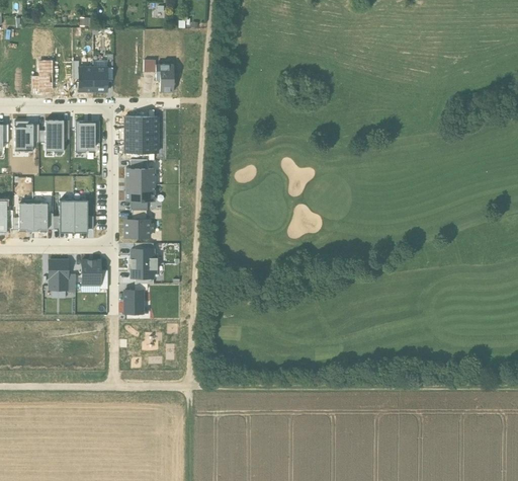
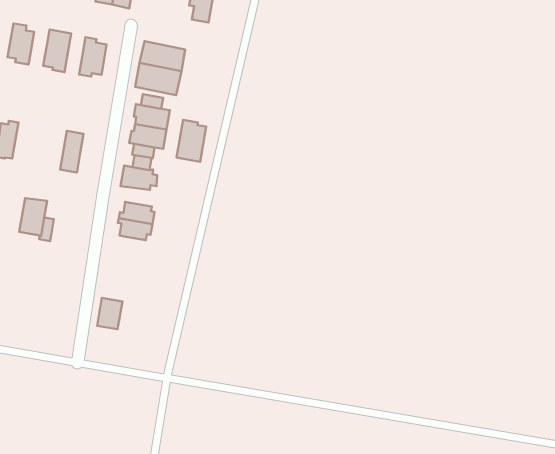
building: none -> [177,120,206,162]
building: [33,199,48,231] -> none
building: [60,199,74,232] -> none
building: [82,260,101,284] -> none
building: [125,290,143,313] -> [97,298,122,329]

